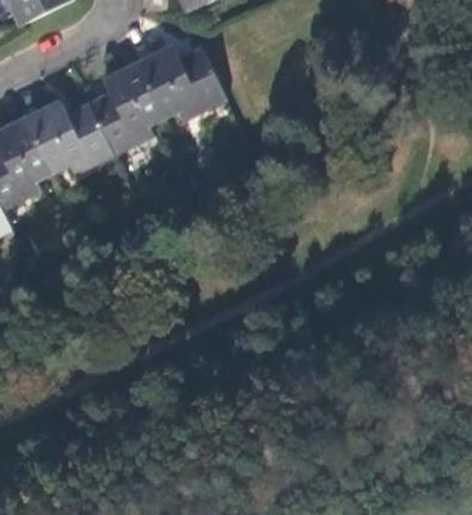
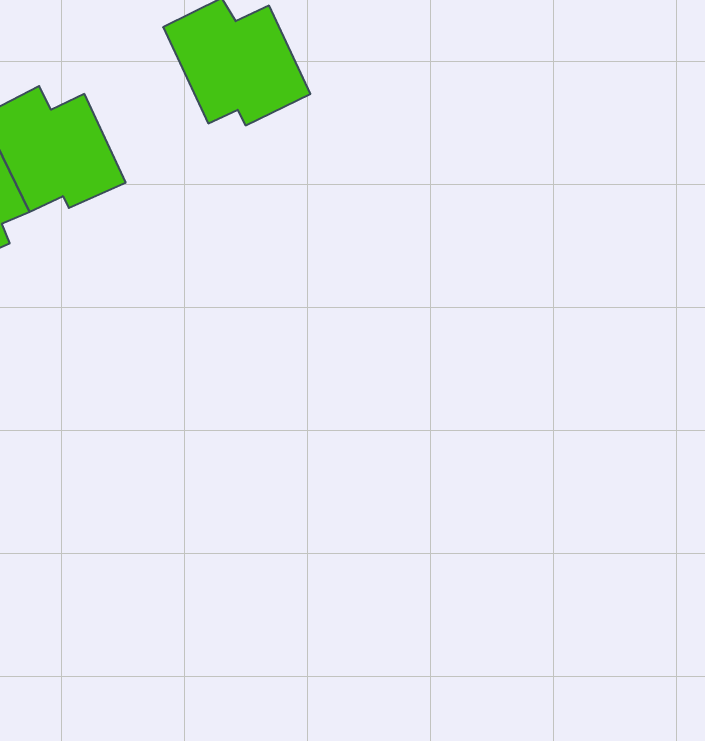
building: [84,62,159,155] -> none

